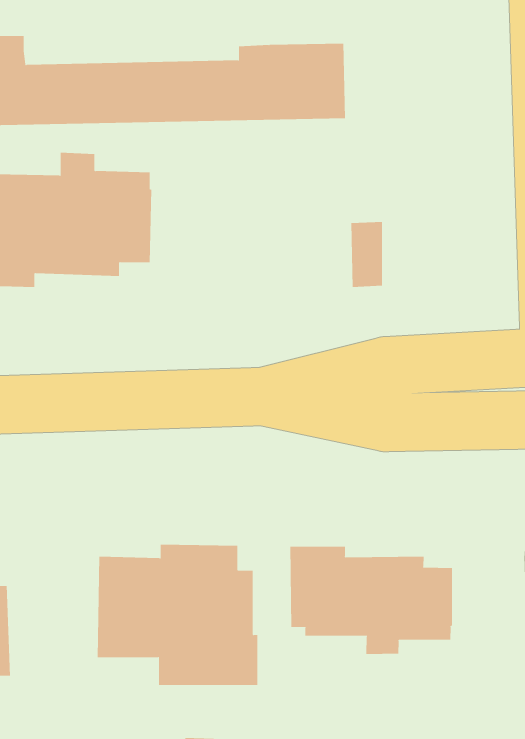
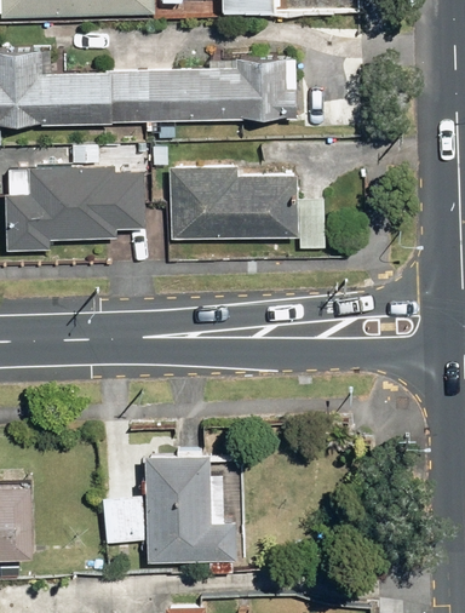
building: none -> [173,167,298,237]
building: [290,546,452,655] -> none

